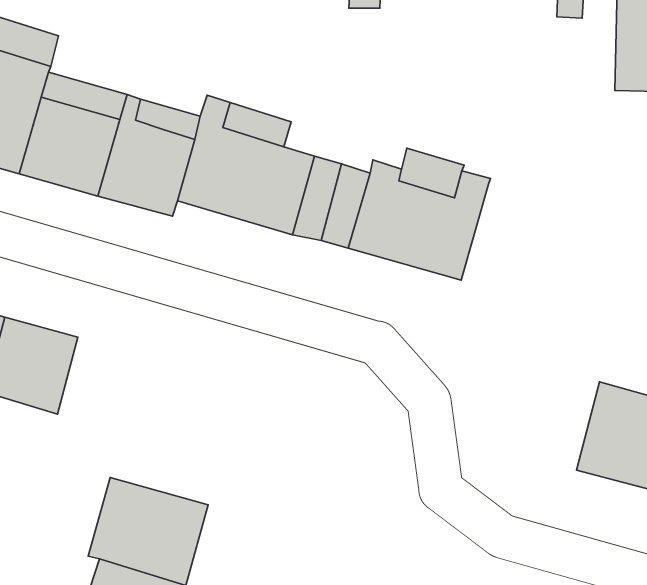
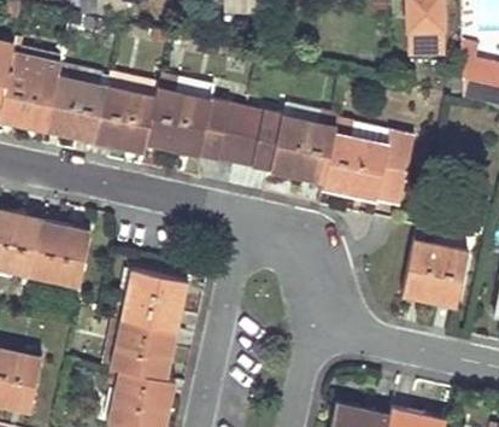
building: none -> [322,122,413,205]
building: none -> [113,270,184,331]

